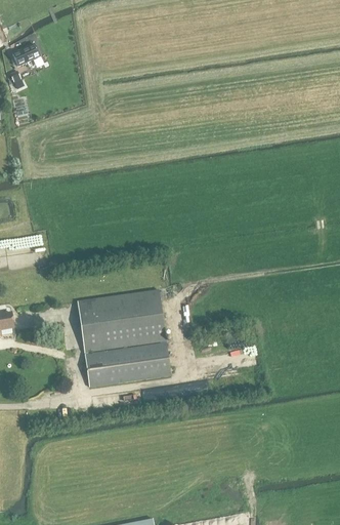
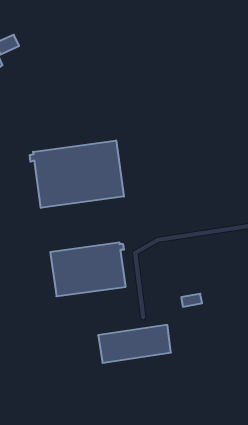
building: none -> [30,140,124,208]
building: [84,341,170,387] -> [98,325,171,363]

